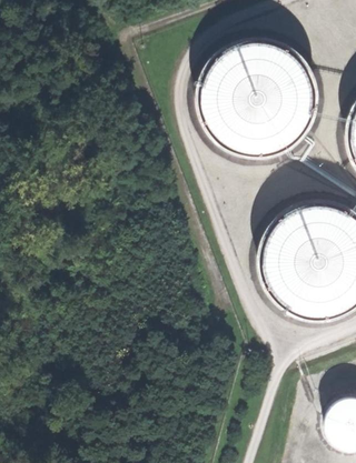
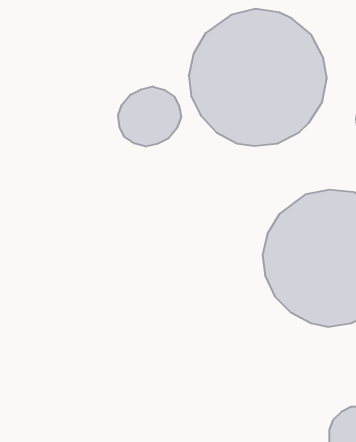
building: none -> [118,86,181,147]

